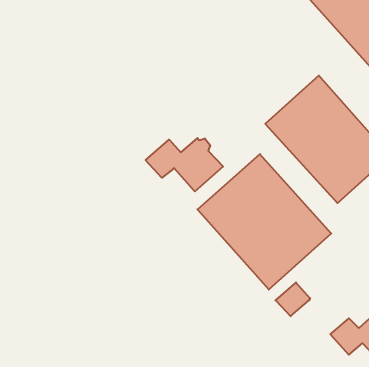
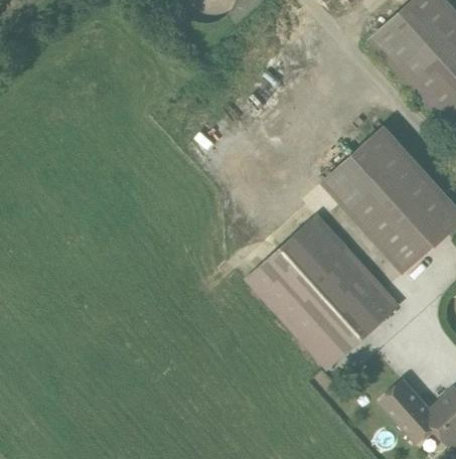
building: [146,138,223,191] -> none
building: [275,282,310,316] -> [381,380,420,419]

